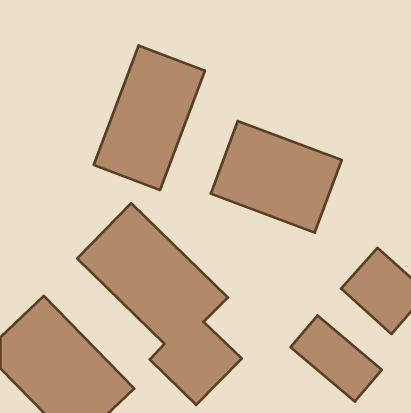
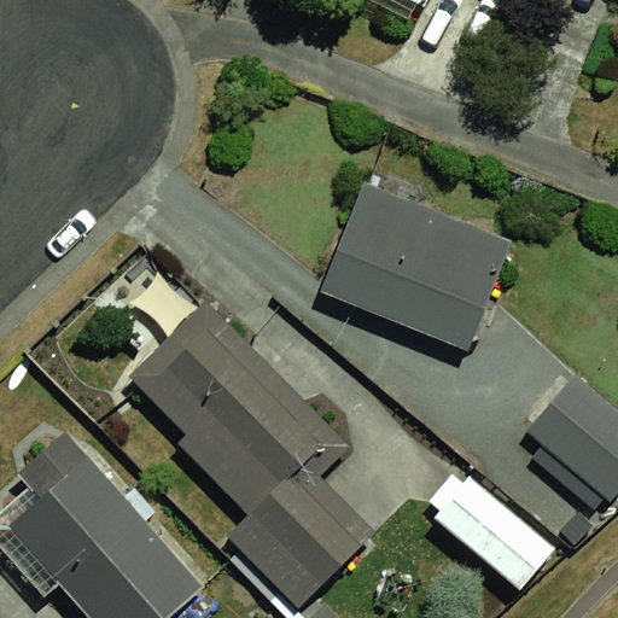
building: [94,45,205,190] -> none

